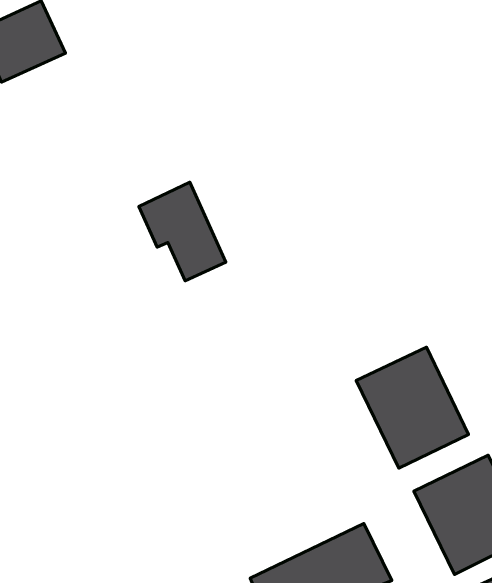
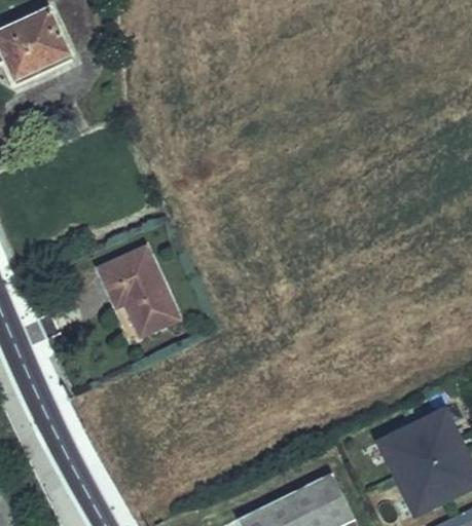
building: [139,182,226,281] -> [100,249,177,336]
building: [356,347,468,468] -> none

